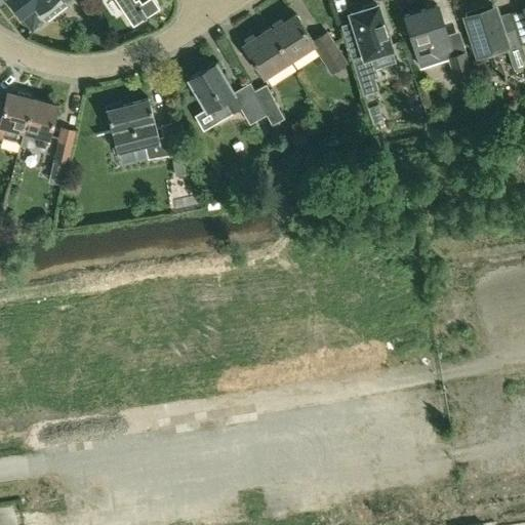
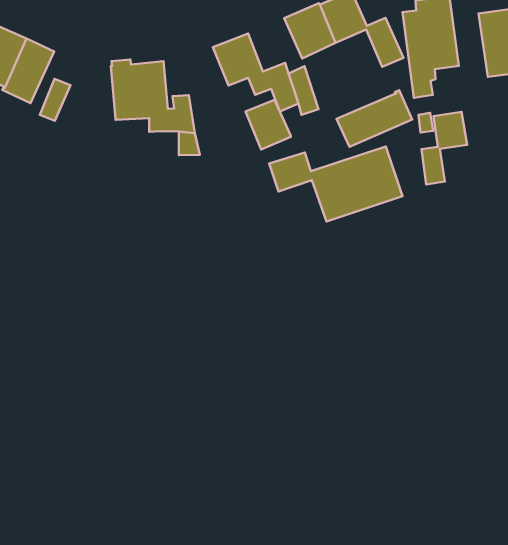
building: none -> [337,90,412,147]
building: none -> [421,112,467,185]
building: none -> [246,100,291,149]
building: none -> [269,147,403,222]

